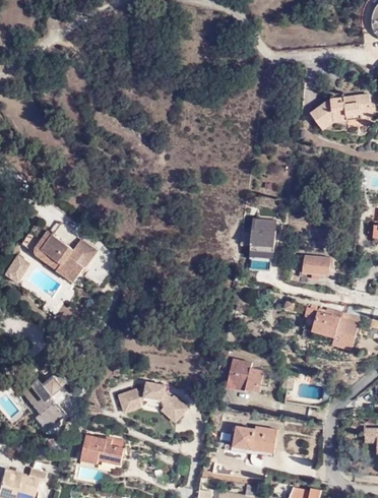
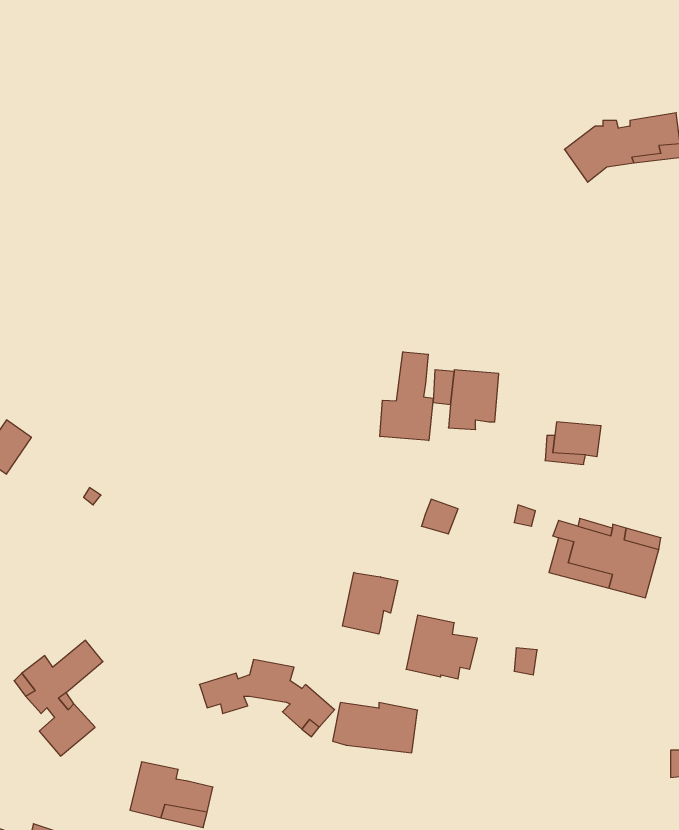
building: none -> [380,352,433,441]
building: [21,232,97,276] -> none
building: none -> [342,572,398,634]
building: [233,426,277,452] -> [333,703,418,753]

